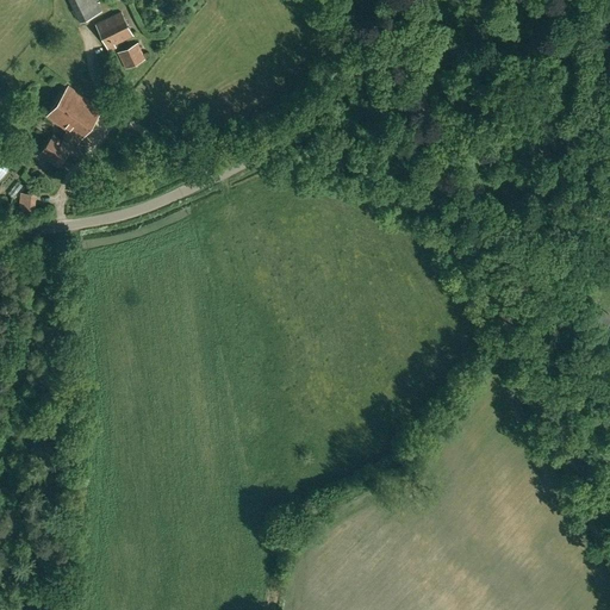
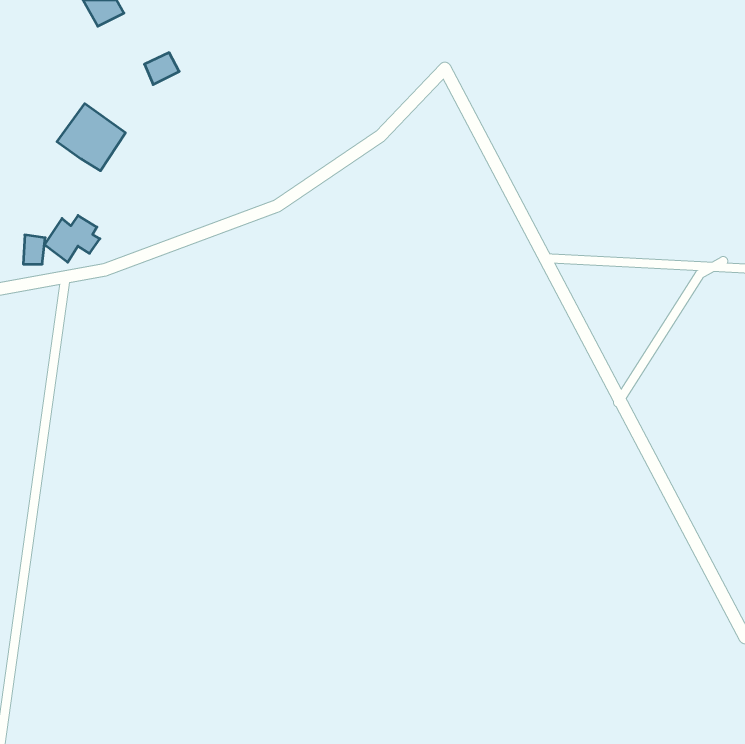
building: [95,12,135,52] -> none
building: [39,131,85,169] -> [44,215,100,262]

